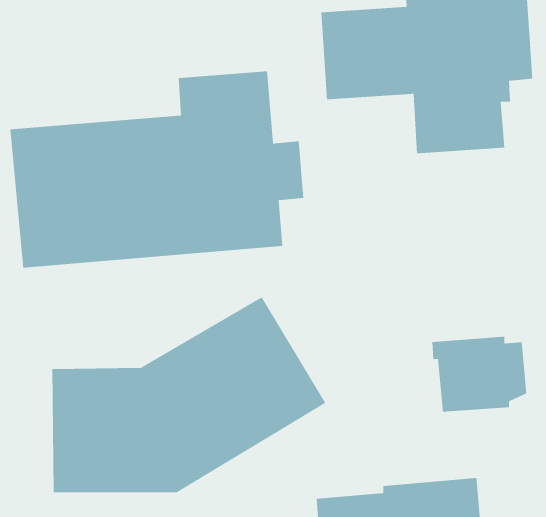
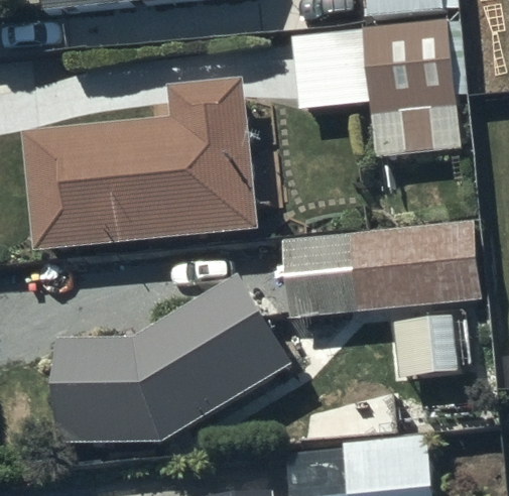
building: none -> [280,223,476,316]

